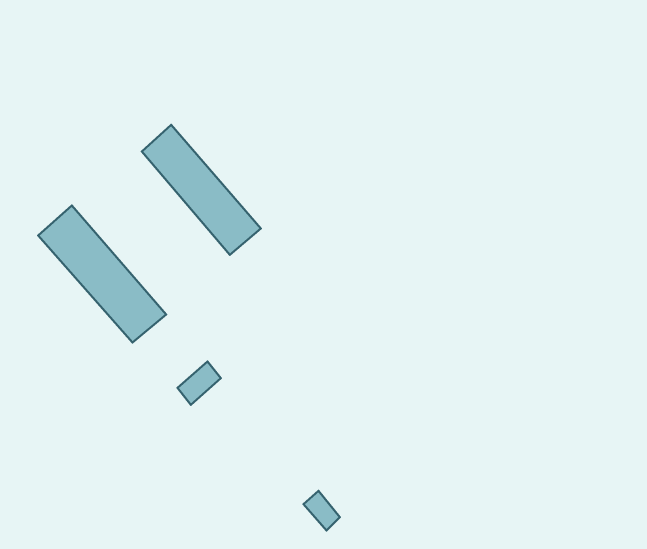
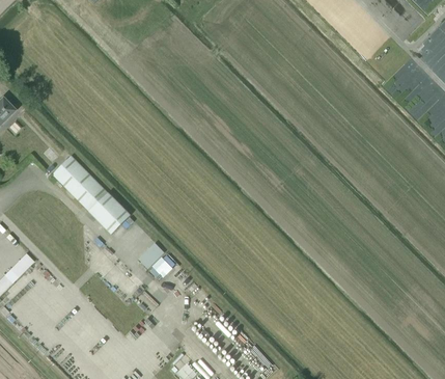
building: [142,125,261,255] -> none

